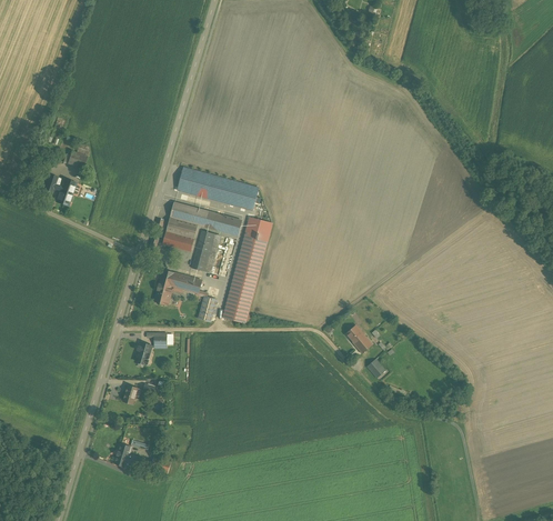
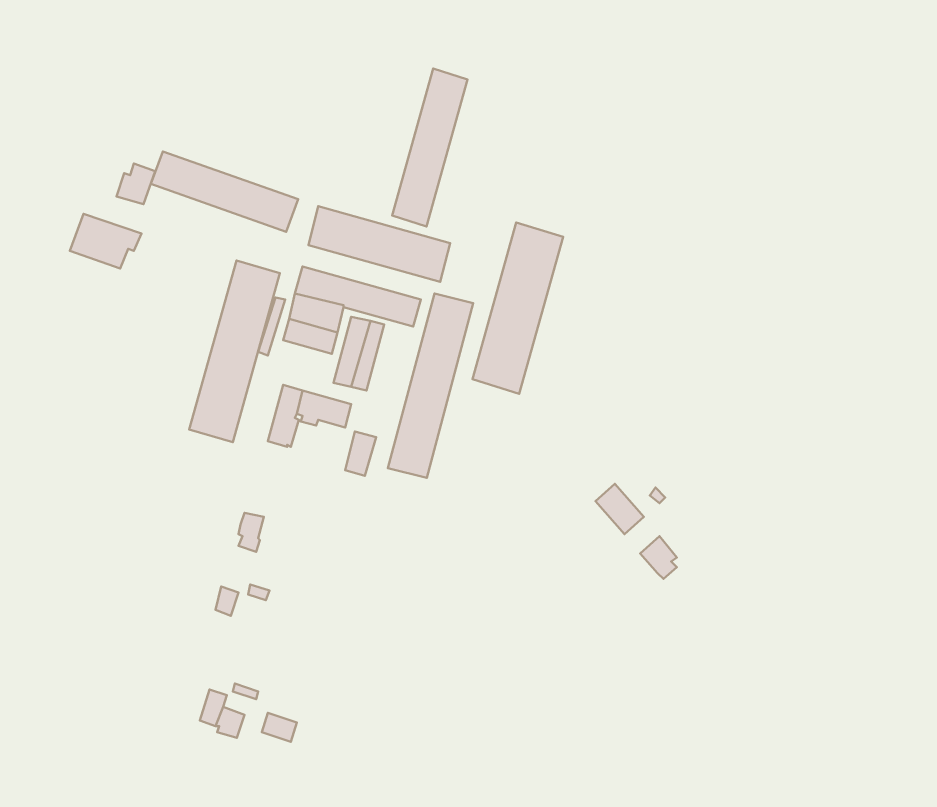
building: none -> [392,69,467,226]
building: none -> [151,151,298,232]
building: none -> [473,222,563,394]
building: none -> [189,260,280,442]

